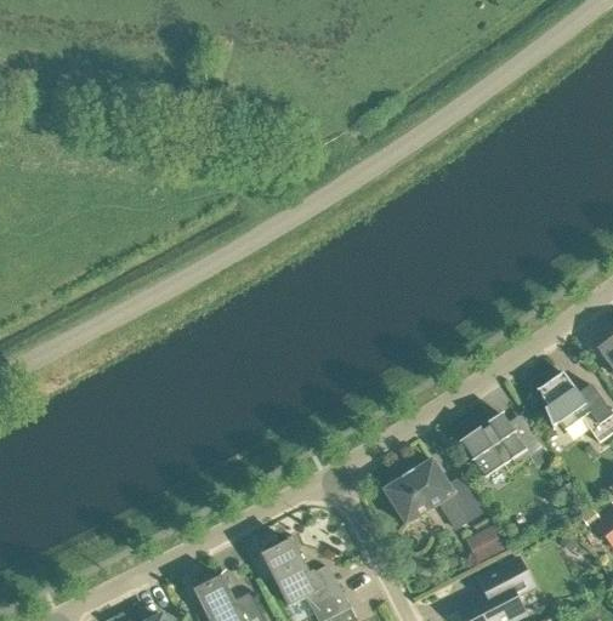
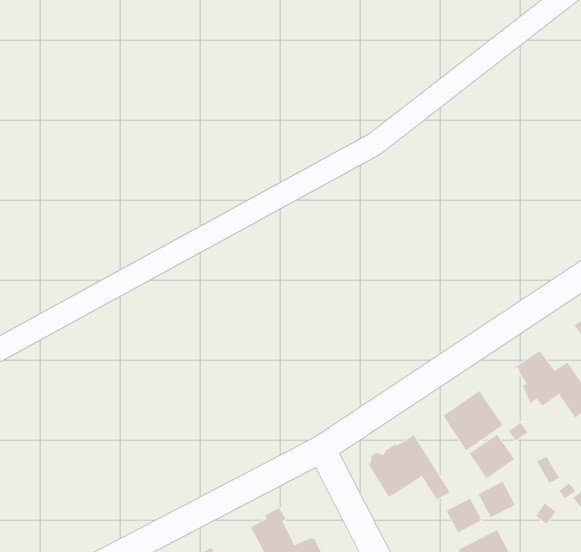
building: none -> [469,434,515,479]
building: none -> [478,481,515,518]

